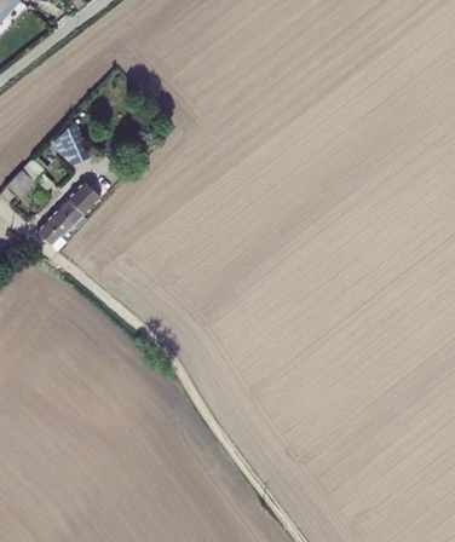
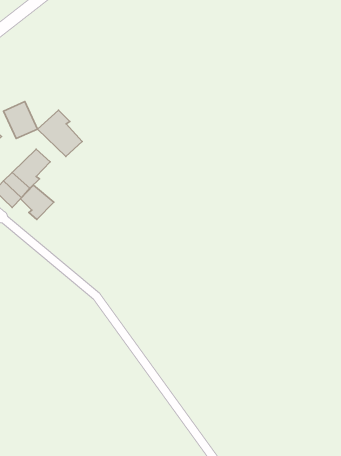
building: none -> [37,110,82,156]
building: none -> [20,185,54,220]

